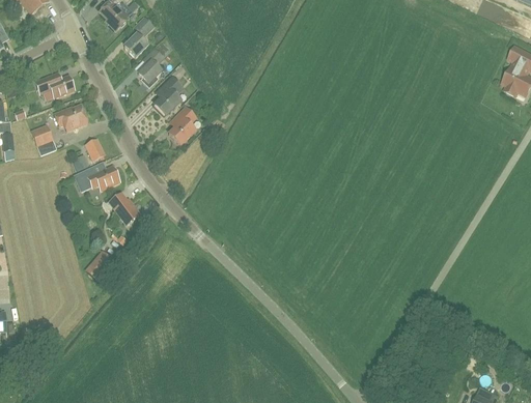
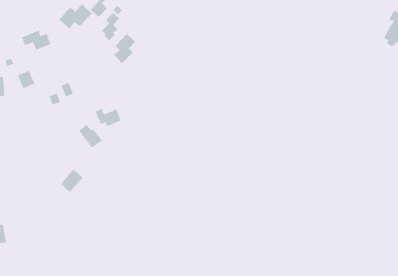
building: none -> [59,4,93,29]
building: [54,105,86,131] -> none
building: [168,106,195,144] -> none
building: [84,165,118,189] -> [95,108,121,127]

